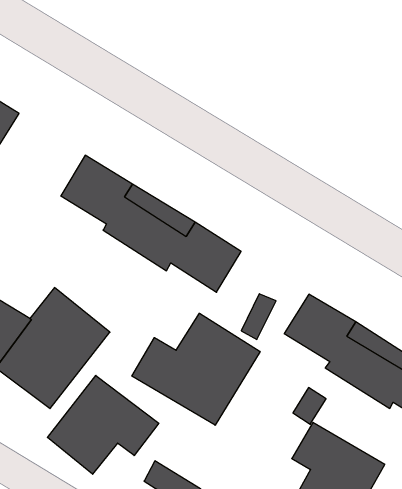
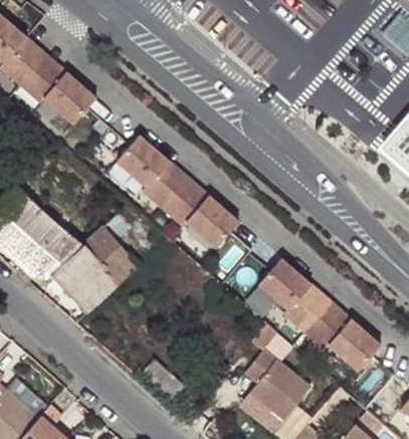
building: [132,313,260,425] -> none
building: [47,375,159,474] -> none

